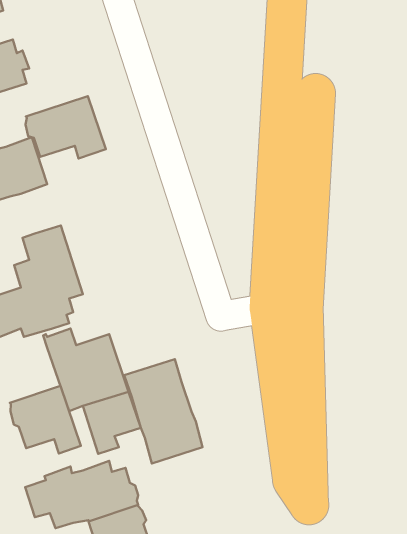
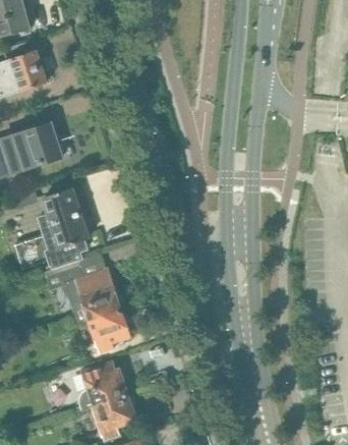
building: [25,96,106,159] -> none
building: [124,359,203,463] -> none
building: [10,386,81,454] -> none

